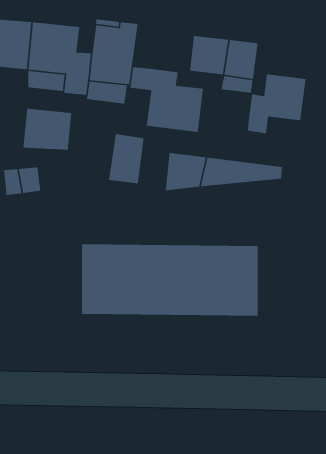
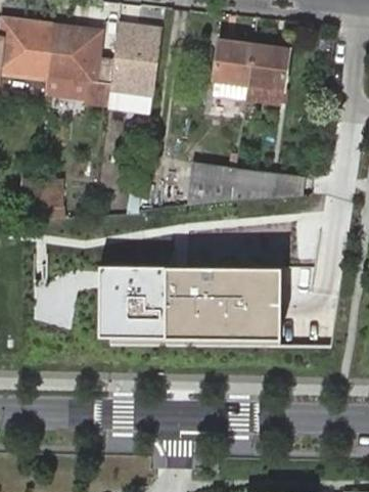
building: [129,66,204,133] -> none
building: [247,73,306,134] -> none
building: [22,108,72,151] -> none
building: [108,133,145,184] -> none

